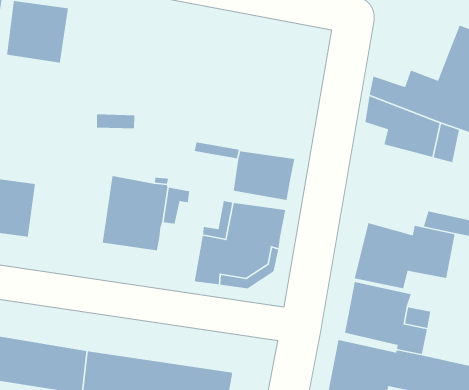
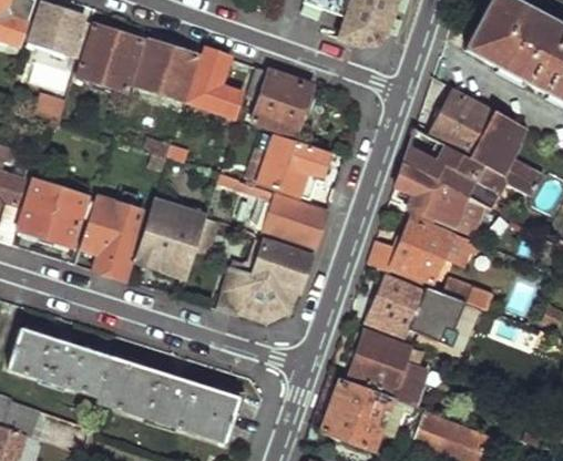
building: none -> [186,47,239,115]
building: none -> [132,39,195,99]
building: none -> [427,88,495,157]
building: none -> [245,64,310,133]
building: none -> [259,136,327,195]
building: none -> [367,218,475,288]
building: none -> [80,195,141,280]

